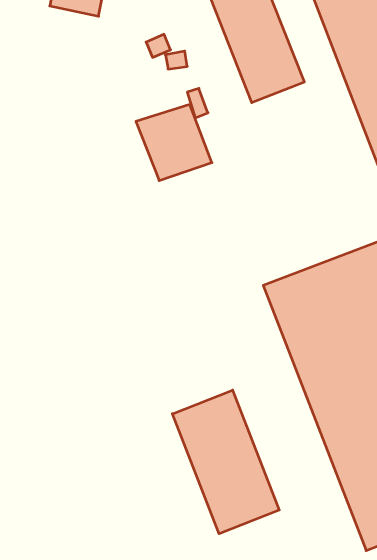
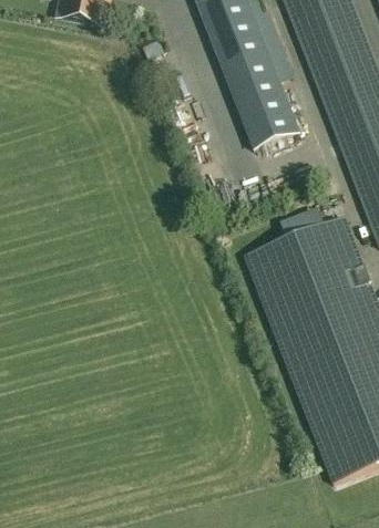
building: [136,105,212,181] -> [234,82,299,147]
building: [172,390,279,534] -> none

